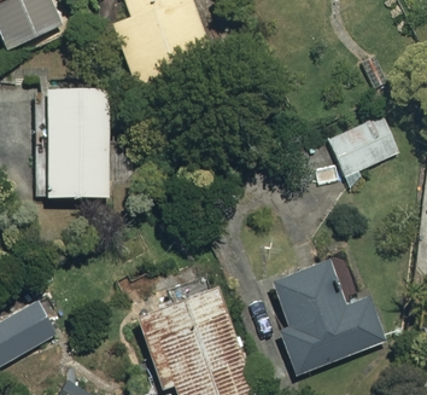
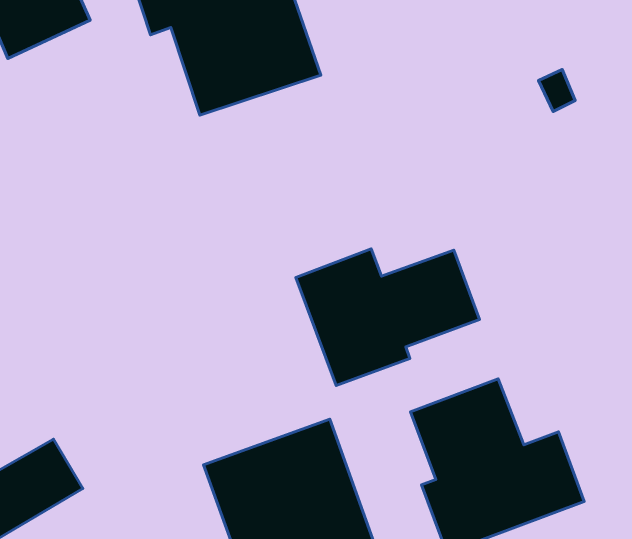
building: [48,88,109,196] -> none
building: [327,116,397,175] -> none
building: none -> [296,249,479,386]

